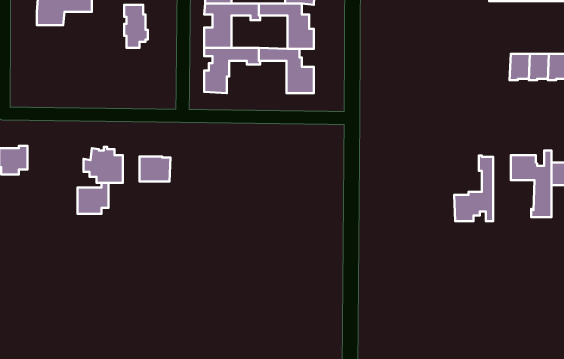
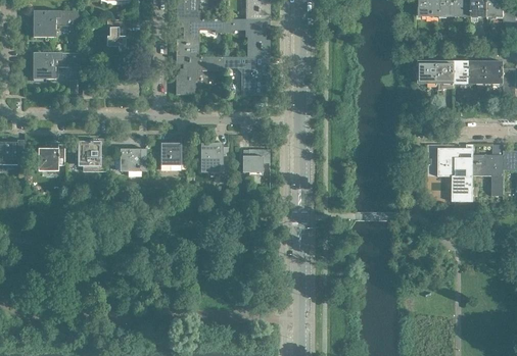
building: none -> [32,52,79,80]
building: none -> [418,61,437,84]
building: none -> [159,137,186,165]
building: [454,156,493,221] -> none
building: none -> [200,149,227,176]
building: none -> [241,149,269,172]
building: [77,183,109,214] -> [37,144,63,170]

